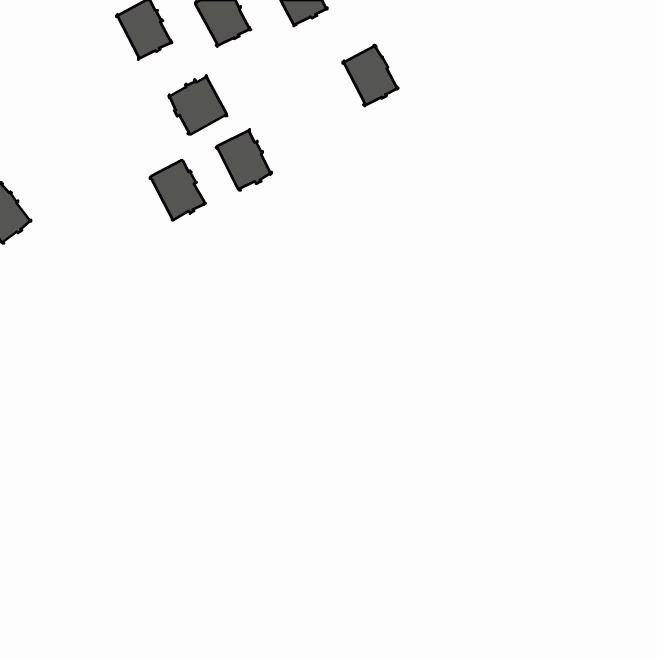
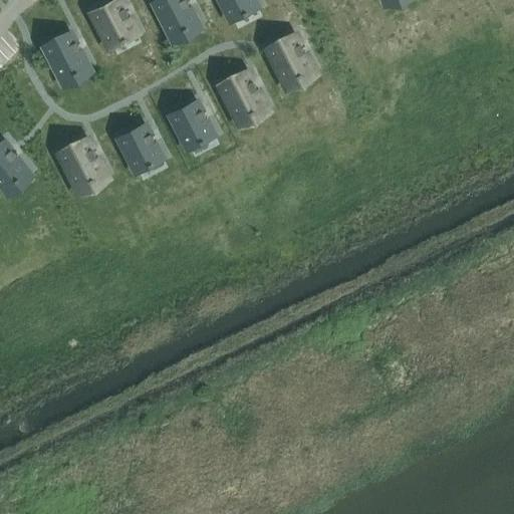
building: none -> [42,33,84,80]
building: [169,75,227,134] -> none
building: none -> [218,72,261,119]
building: none -> [58,141,101,188]

